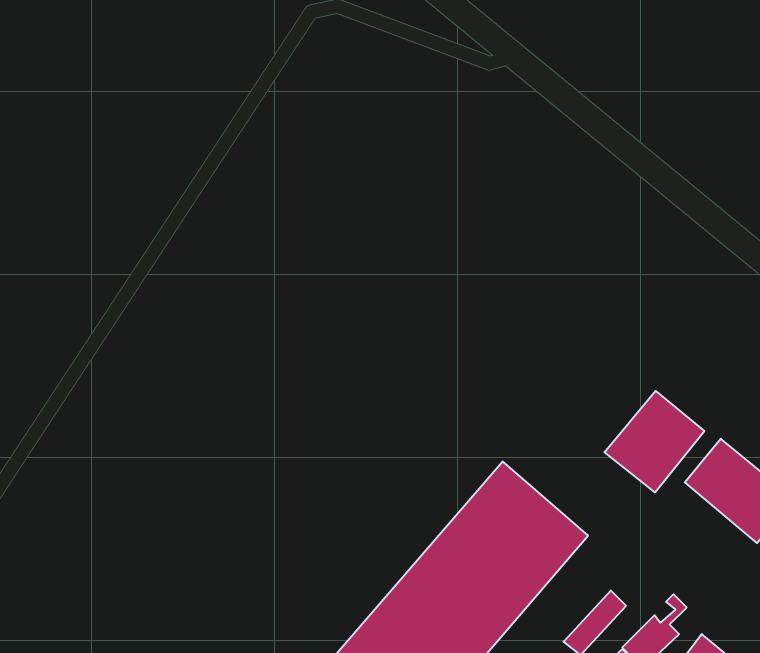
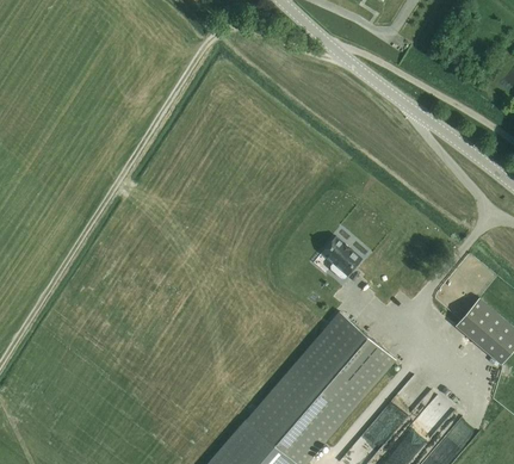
building: none -> [320,235,360,277]
building: [604,391,704,492] -> none

